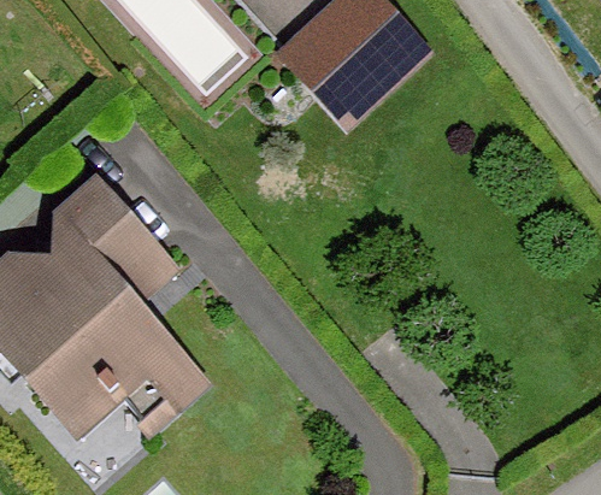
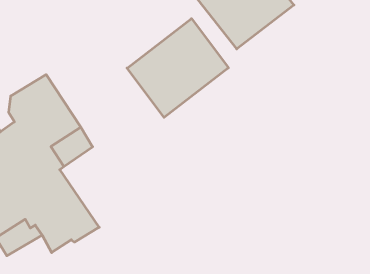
building: none -> [127,19,228,117]

